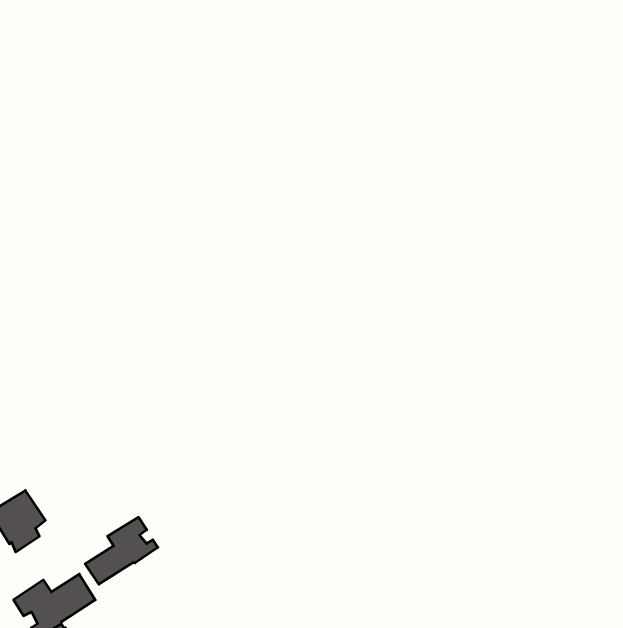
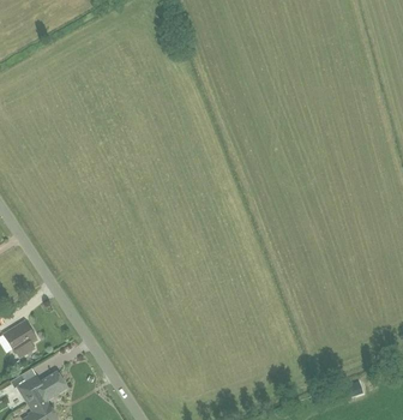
building: [85,517,158,584] -> none

